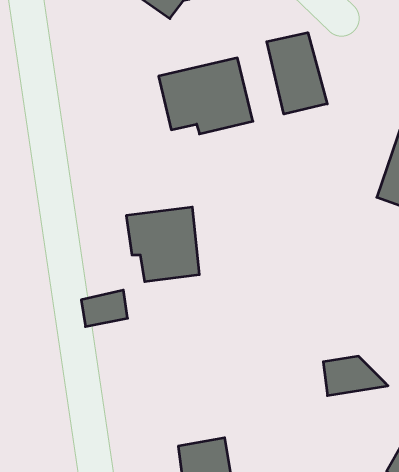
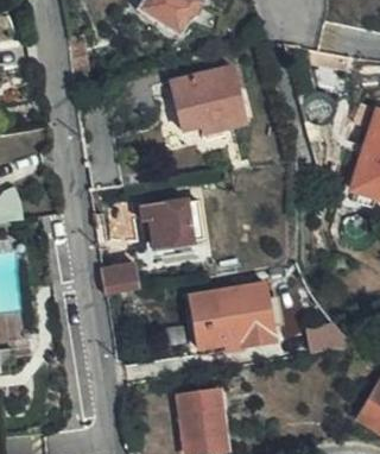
building: [267,33,327,114] -> none
building: none -> [188,283,276,346]

